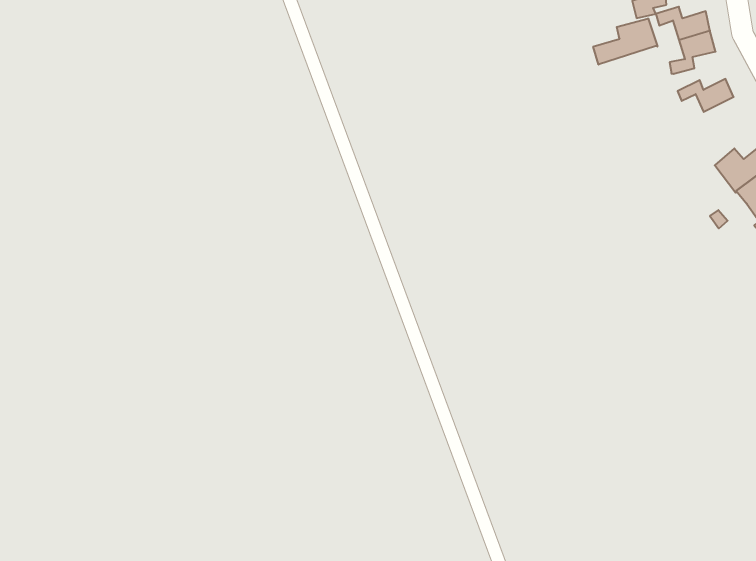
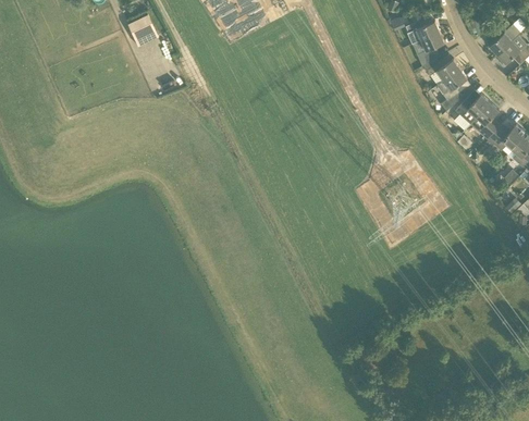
building: [593,18,657,65] -> none
building: none -> [438,70,468,102]

